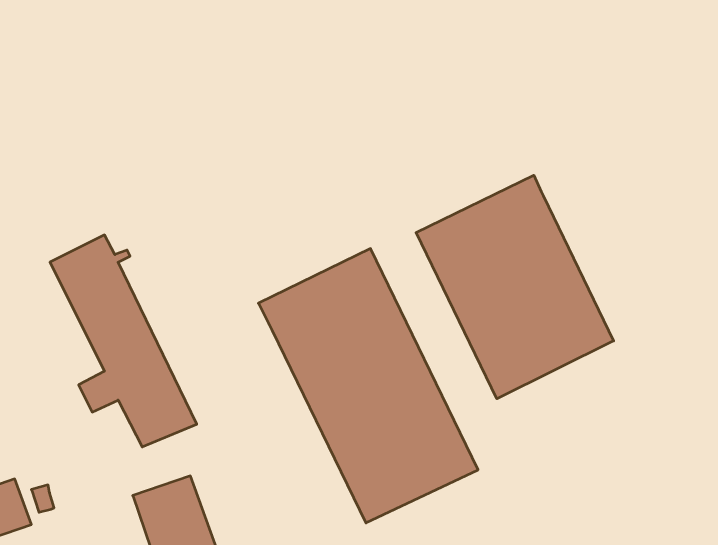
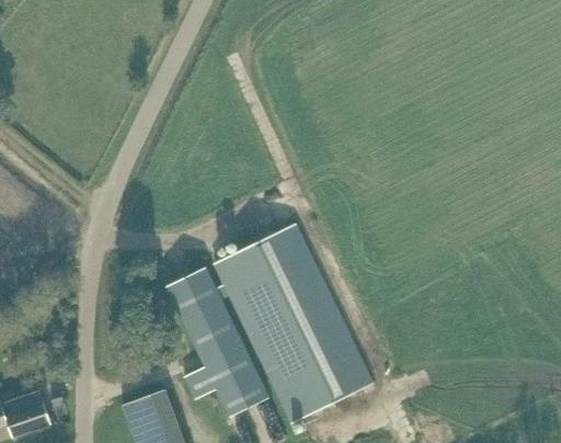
building: [416,175,614,399] -> none
building: [50,235,197,447] -> [164,268,271,421]

